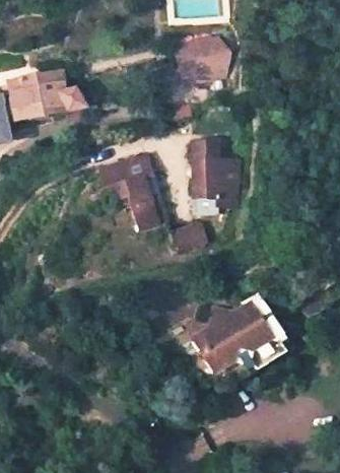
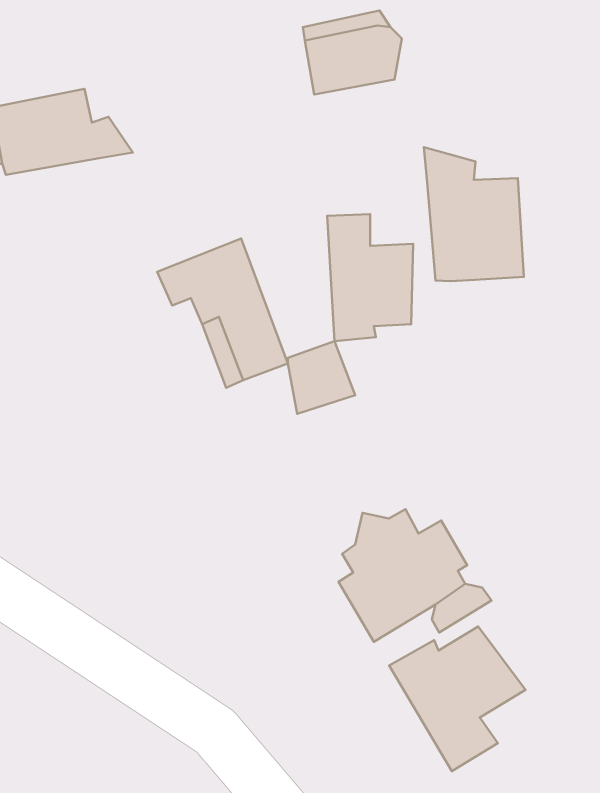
building: none -> [424,147,524,281]
building: none -> [389,626,525,771]

